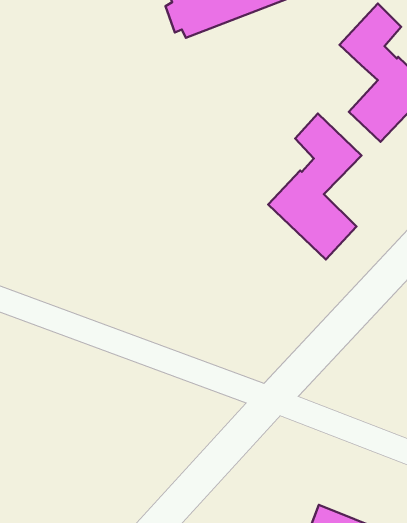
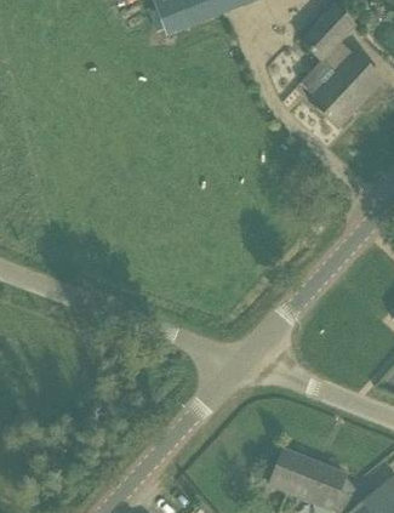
building: [268,113,361,259] -> none

